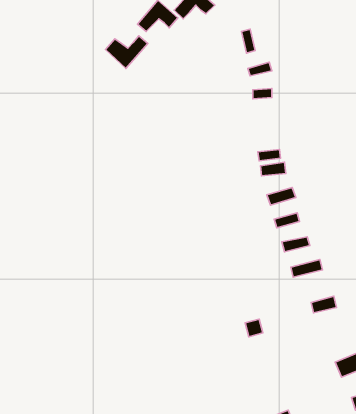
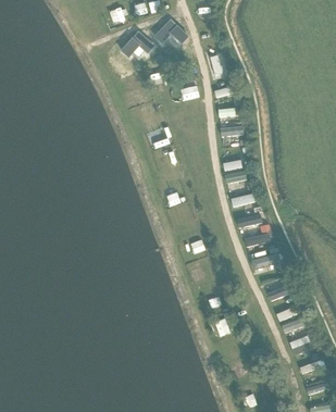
building: [105,36,148,68] -> none

